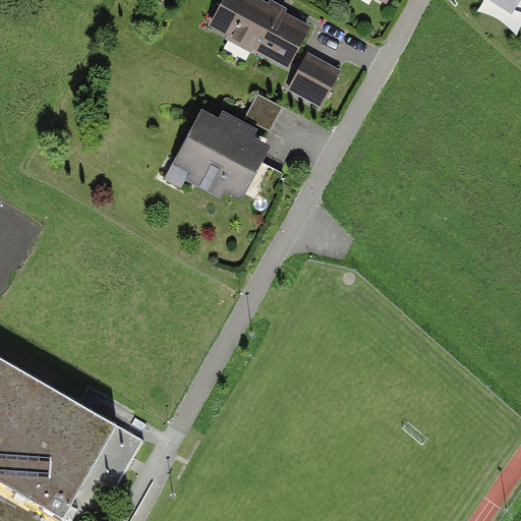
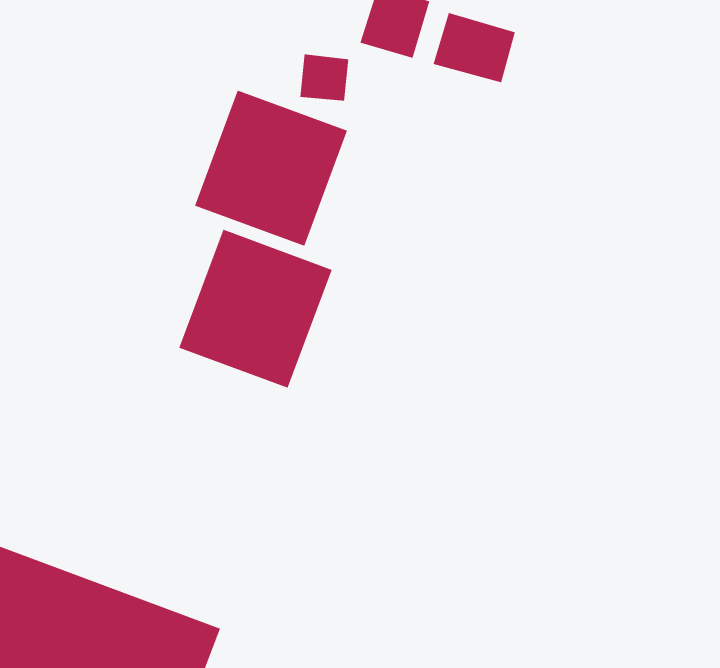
building: none -> [433,12,516,83]
building: none -> [179,229,333,389]

